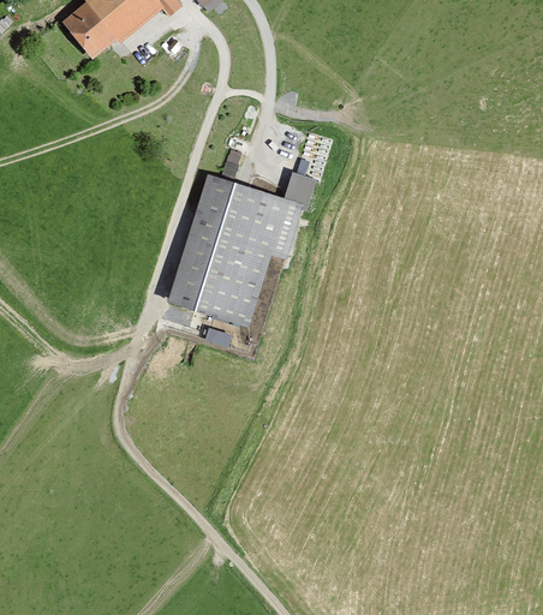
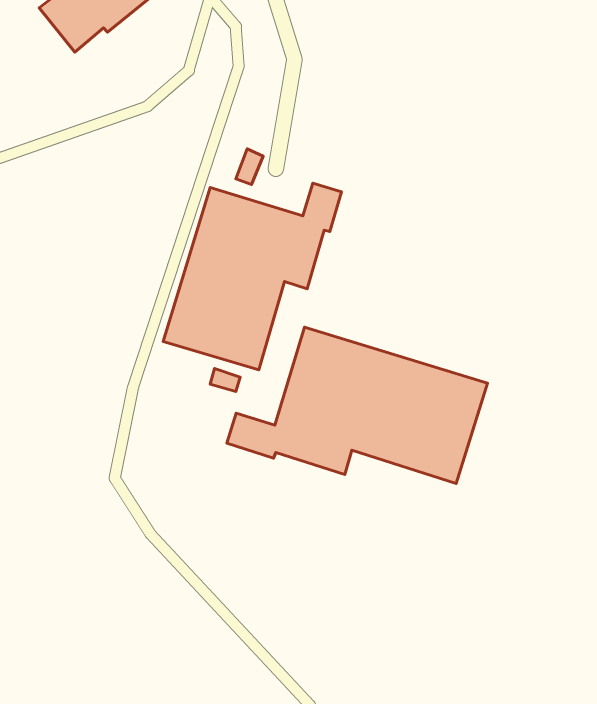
building: none -> [227,327,488,483]

